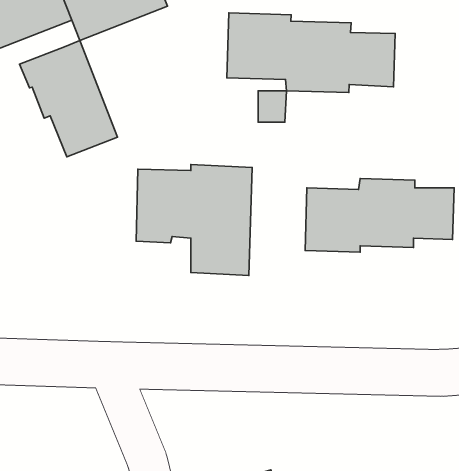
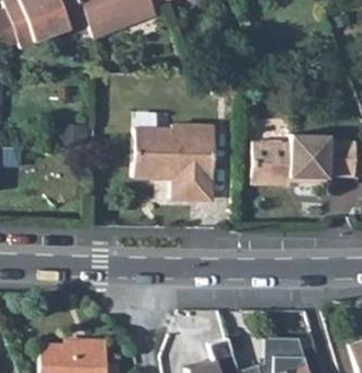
building: [227,13,395,93] -> none
building: [20,41,117,157] -> none

